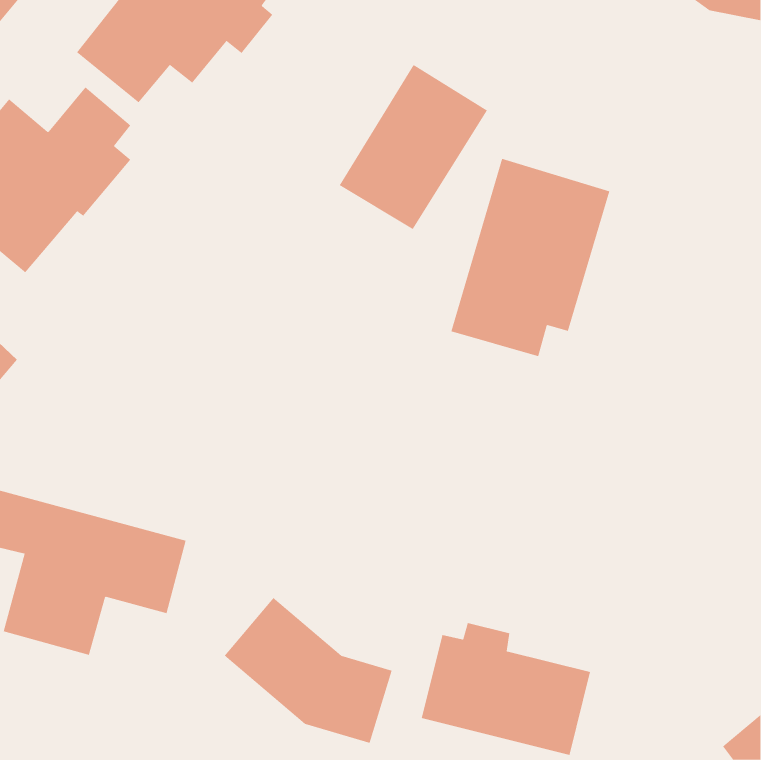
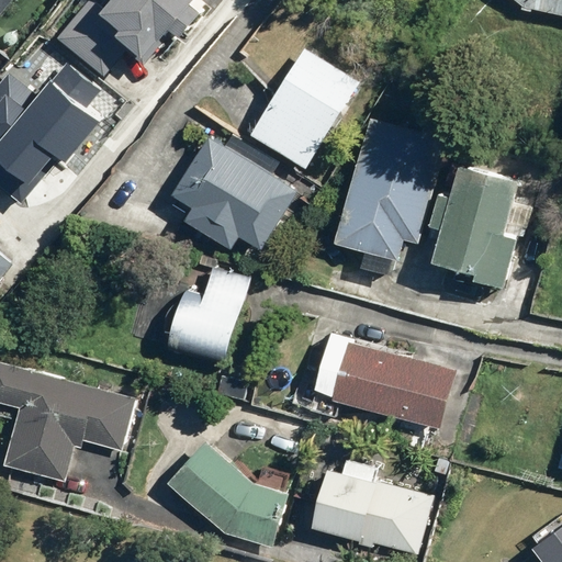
building: none -> [170,132,297,251]
building: none -> [430,165,532,291]
building: none -> [165,263,252,362]
building: none -> [314,334,457,429]

